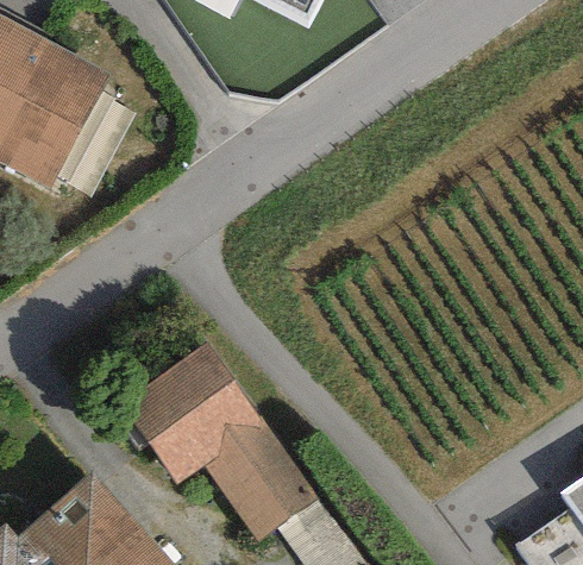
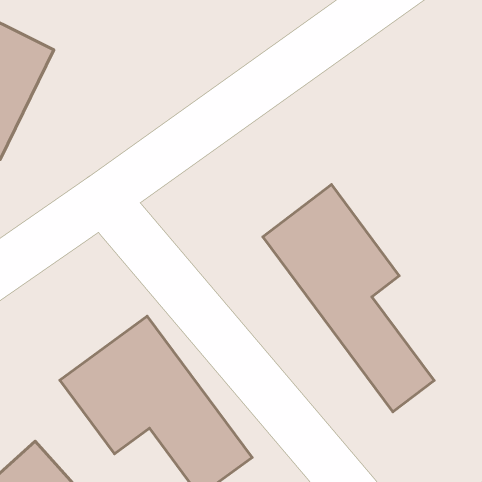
building: none -> [263,184,434,412]

